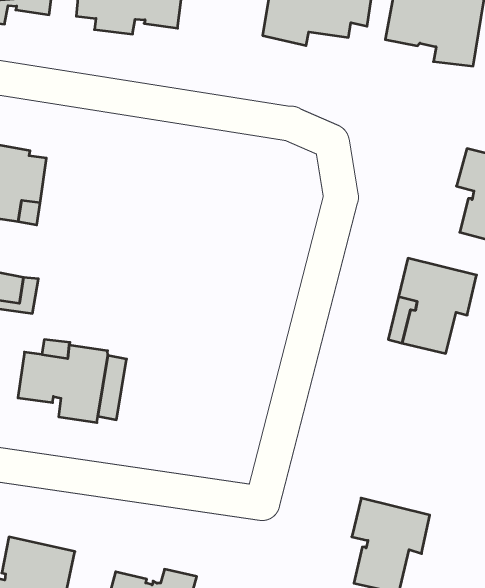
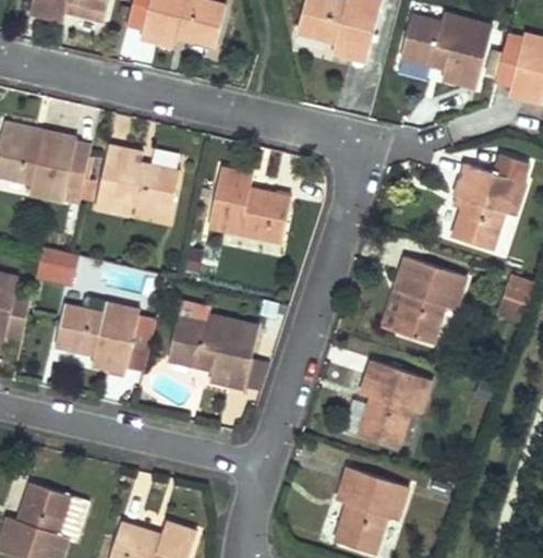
building: none -> [96,143,178,214]
building: none -> [210,168,292,242]
building: none -> [167,313,254,385]
building: none -> [358,361,430,449]

